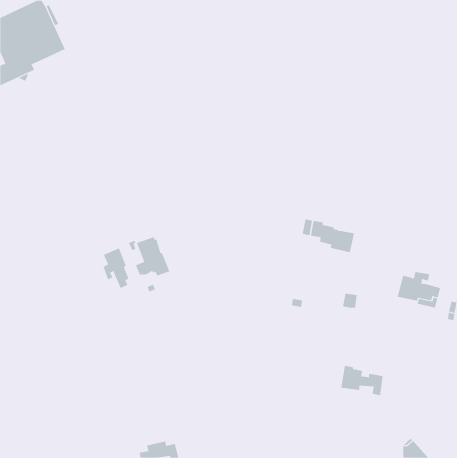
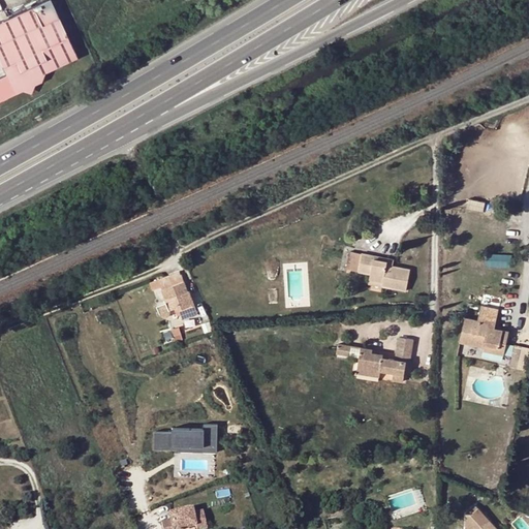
building: [103,247,129,289] -> none
building: [340,365,383,396] -> [355,347,405,382]
building: none -> [160,430,219,456]

